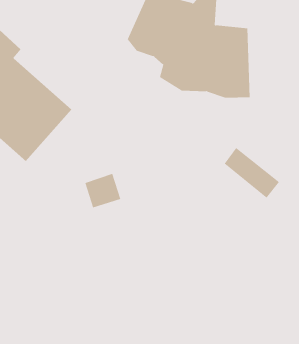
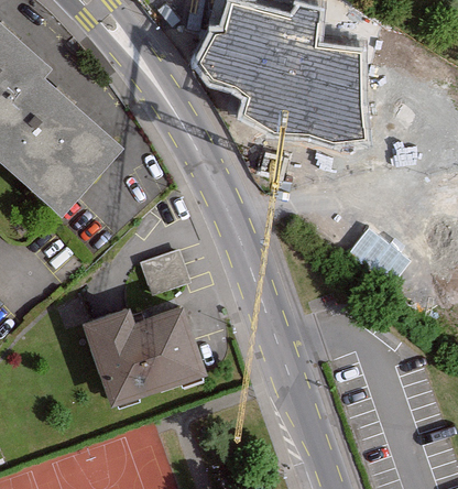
building: none -> [80,308,207,412]

